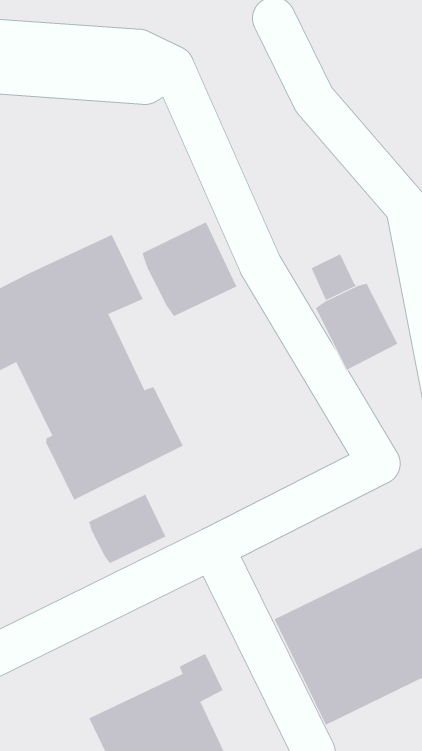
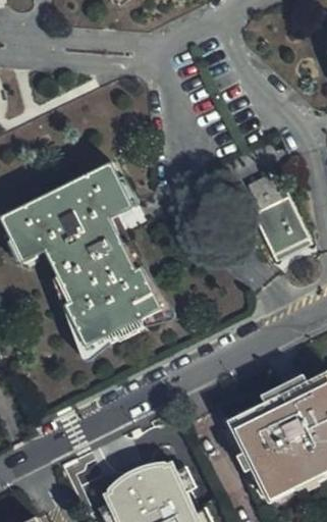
building: [142,221,237,317] -> none
building: [89,494,166,564] -> none

